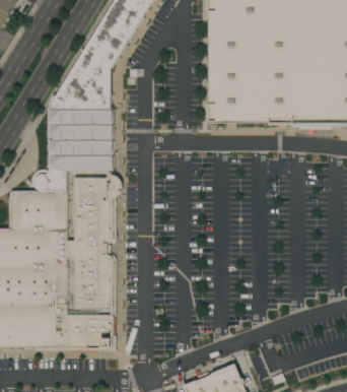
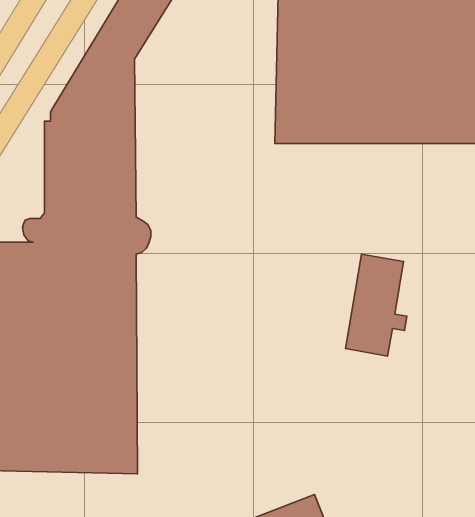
building: none -> [346,254,407,356]

